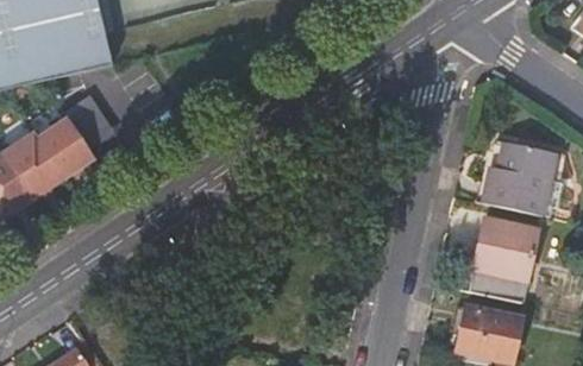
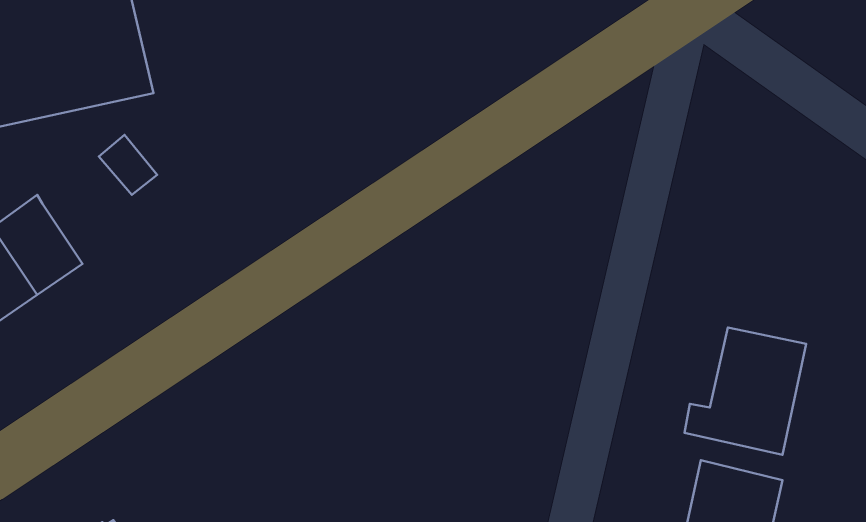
building: [37,118,95,177] -> none
building: [482,141,563,214] -> none

